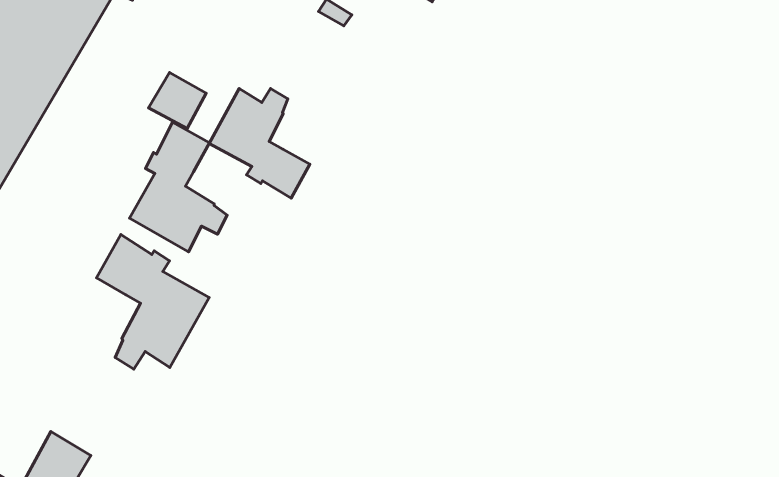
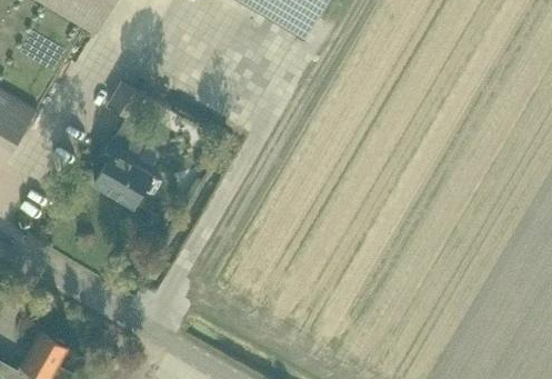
building: [209,88,310,198] -> none
building: [96,235,209,369] -> none

